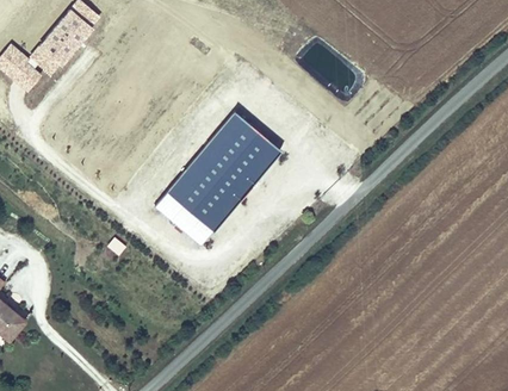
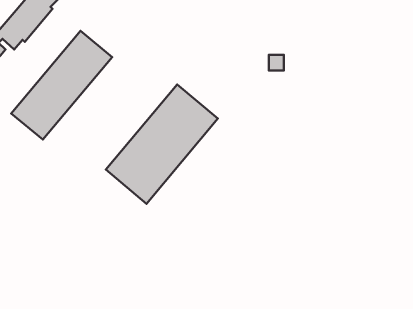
building: none -> [11,31,112,140]

